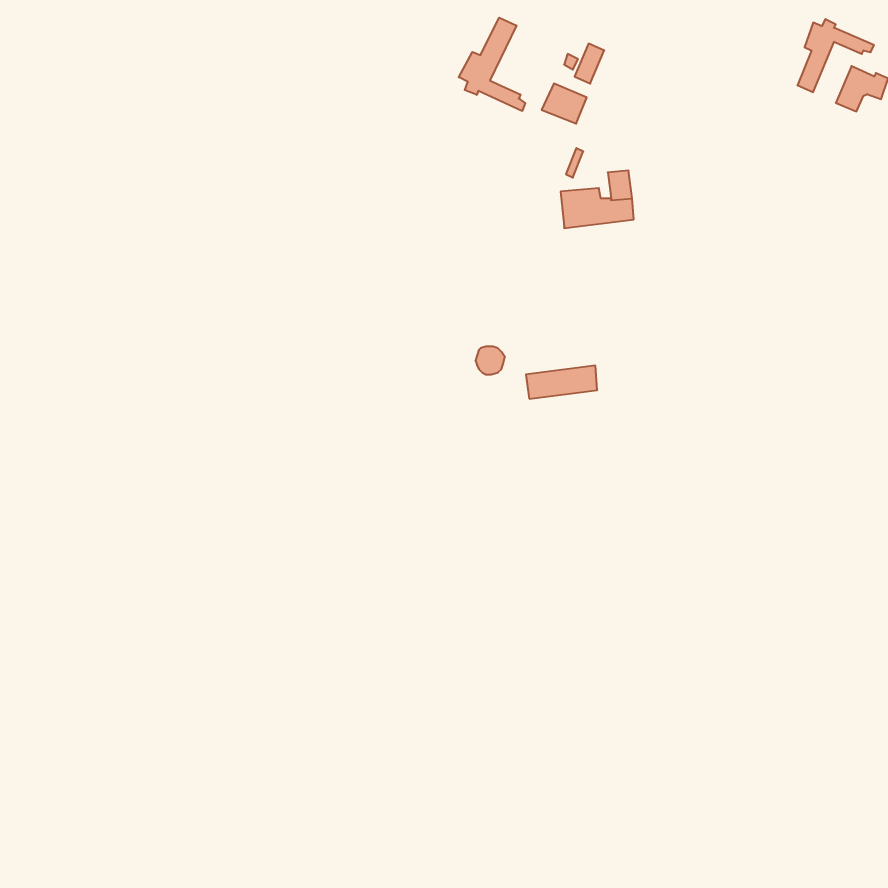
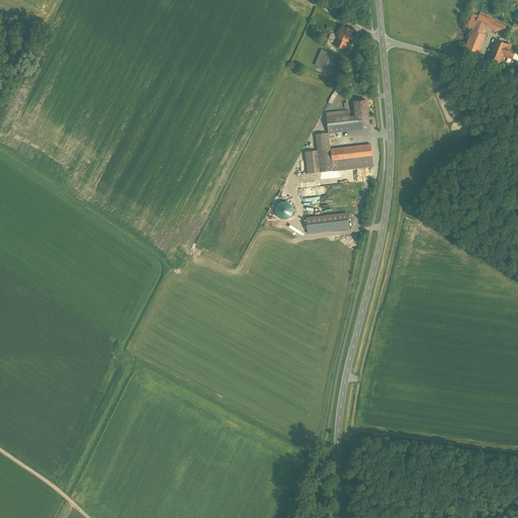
building: [459,18,525,111] -> none
building: none -> [305,132,372,173]

